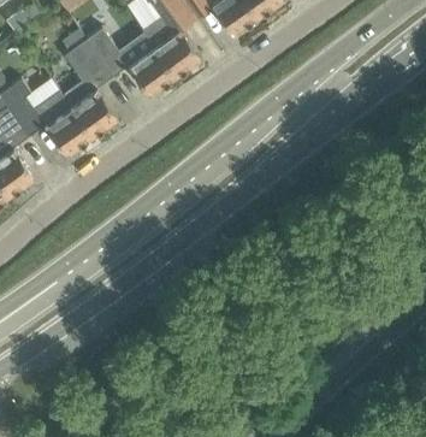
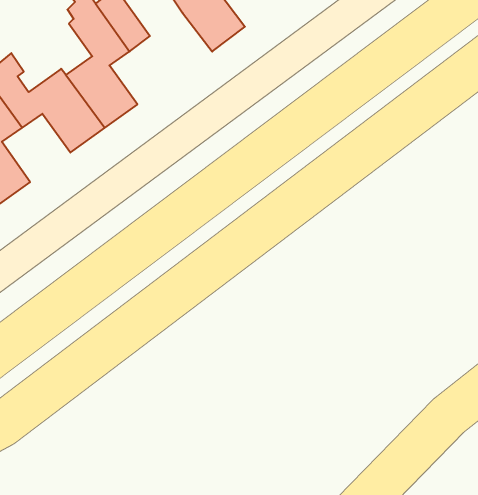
building: [128,48,176,96] -> none

